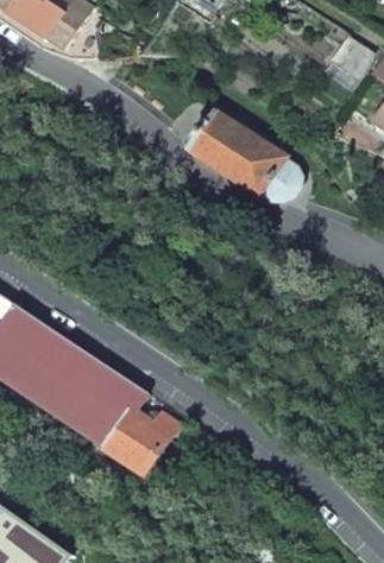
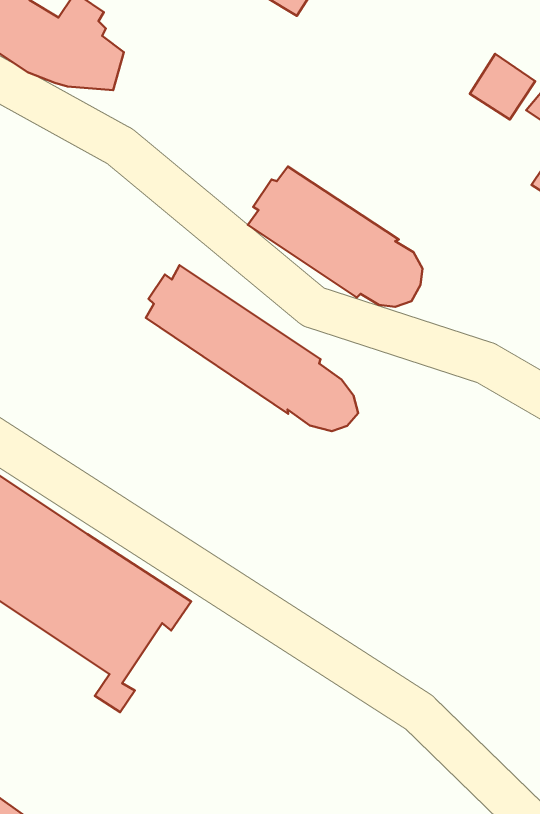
building: none -> [146,265,358,431]
building: [103,407,178,475] -> none

